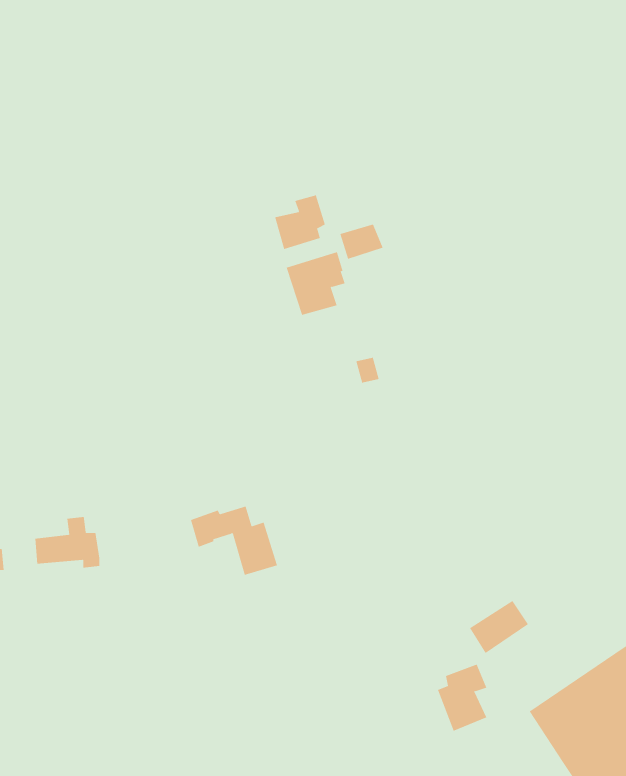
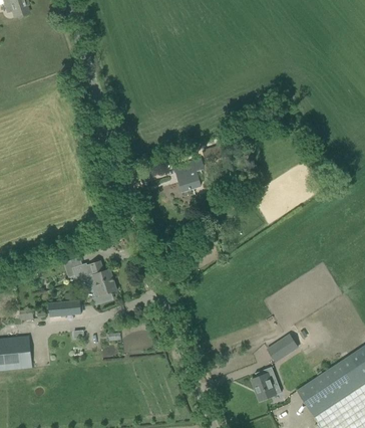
building: [274,194,326,250] -> none
building: [190,506,278,576] -> [72,260,116,295]

